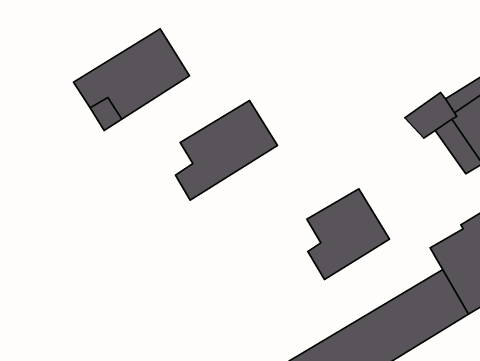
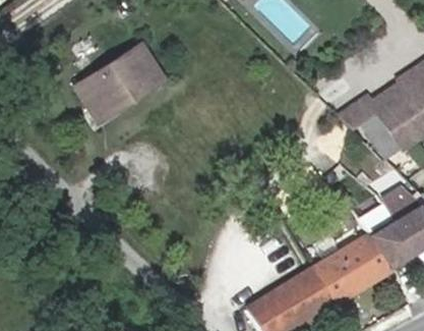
building: [175,100,278,200] -> none
building: [307,189,389,279] -> none

